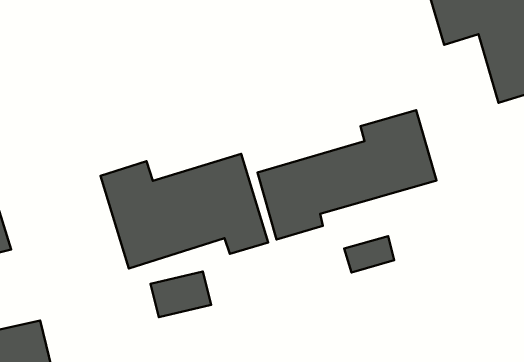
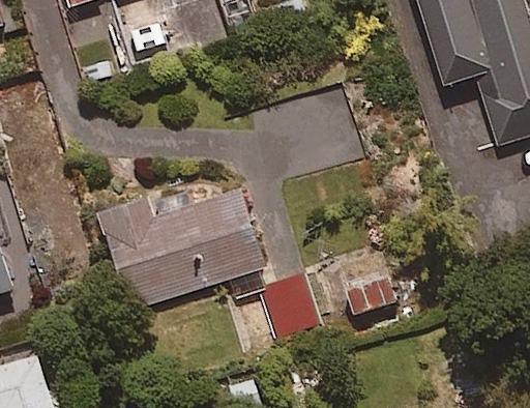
building: [257,110,436,240] -> none

